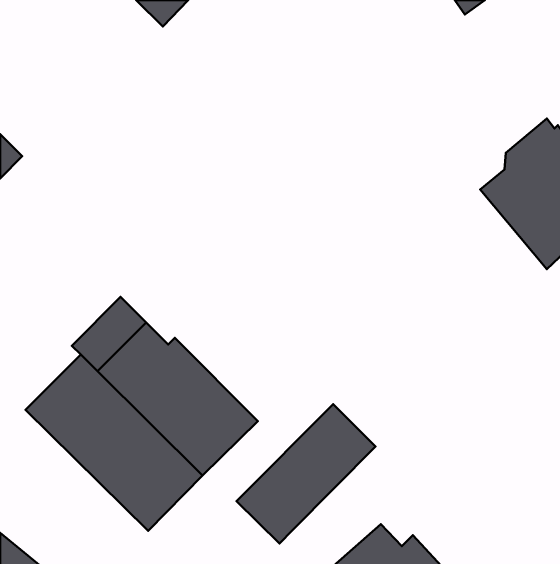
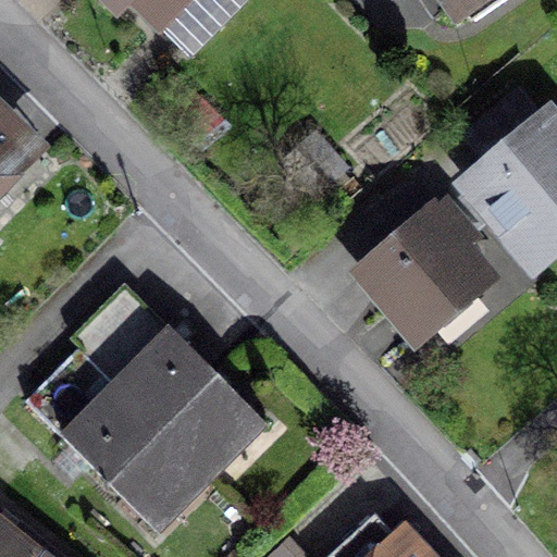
building: none -> [370,210,491,338]
building: [237,404,375,543] -> none

